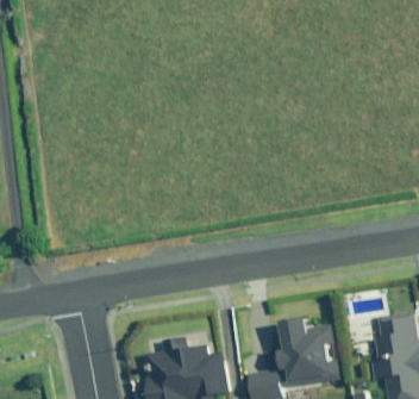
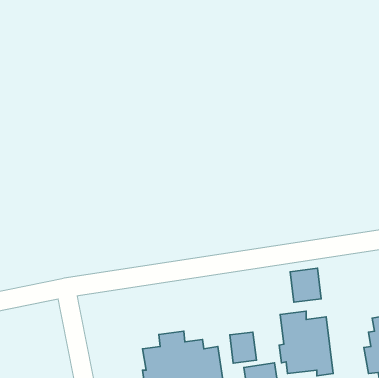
building: none -> [290,268,321,302]
building: none -> [230,332,256,363]

